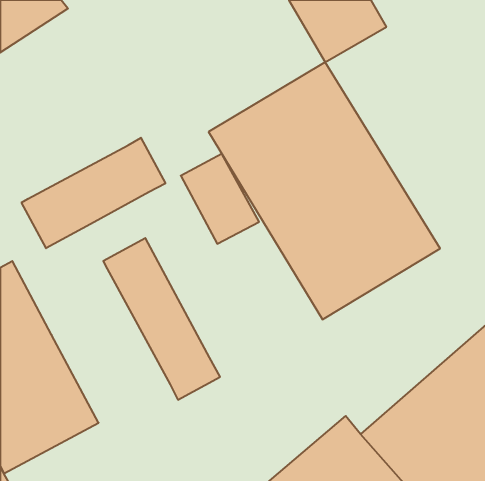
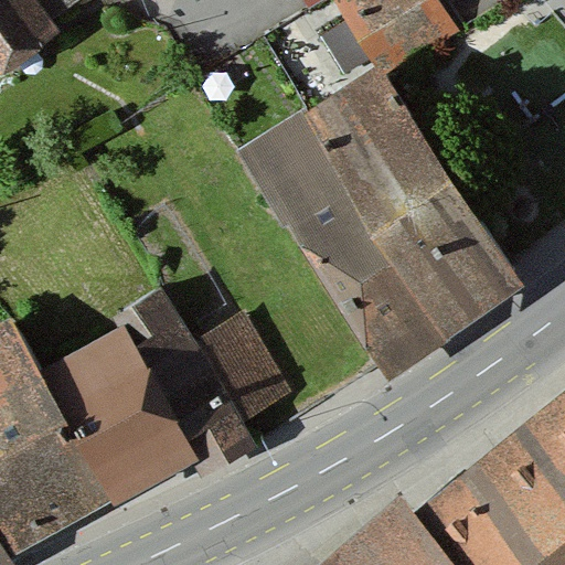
building: [22,138,165,248] -> none
building: [181,154,259,244] -> [204,318,295,422]
building: none -> [57,319,201,497]

